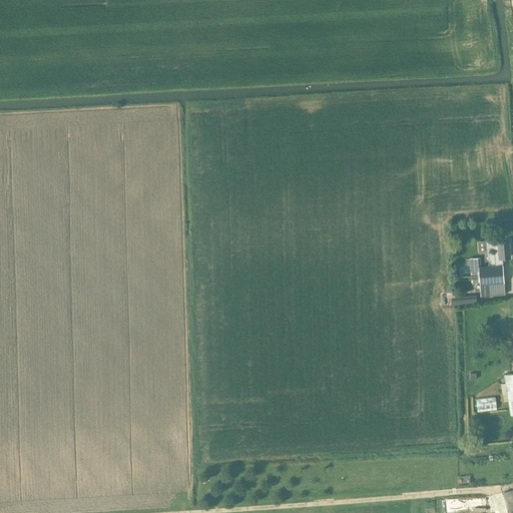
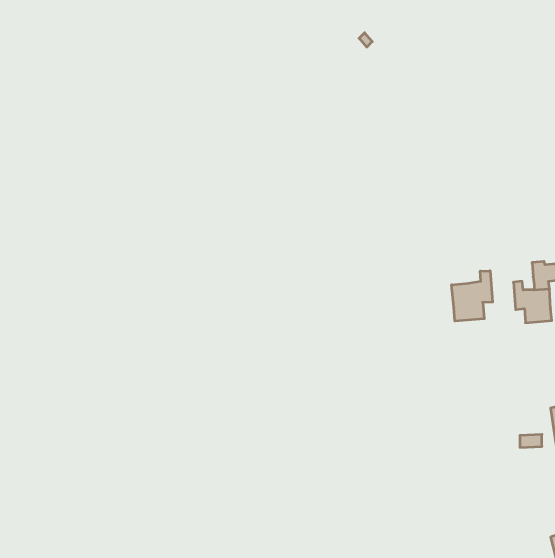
building: none -> [452,271,493,321]

